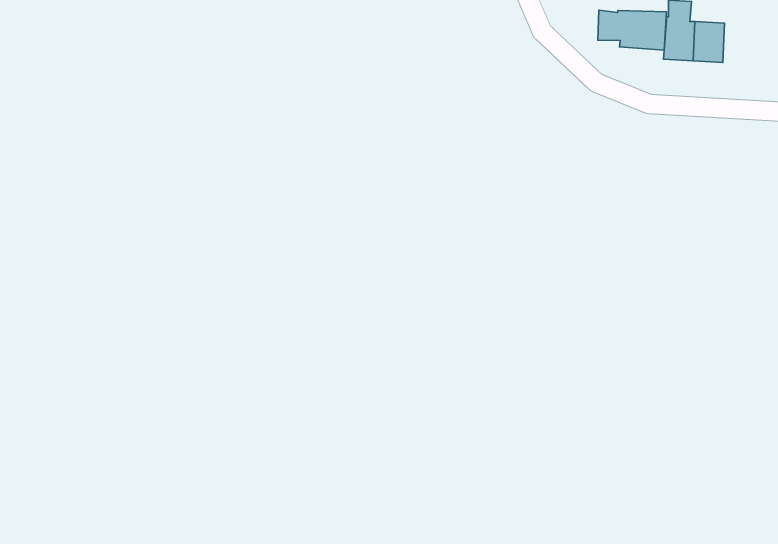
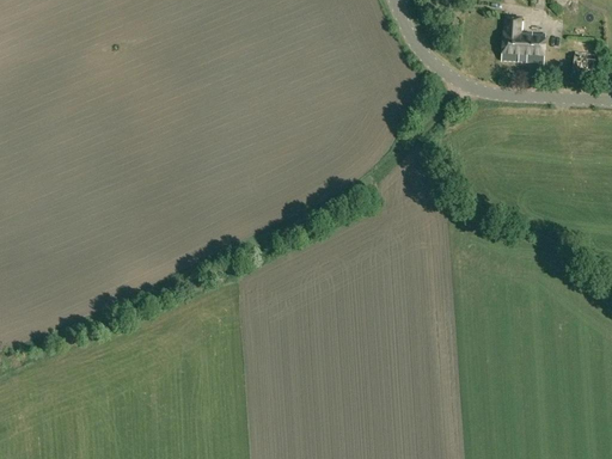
building: [598,10,666,50] -> none

